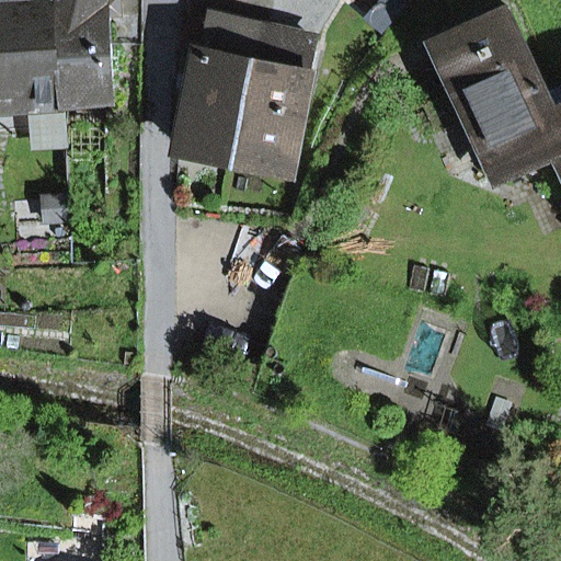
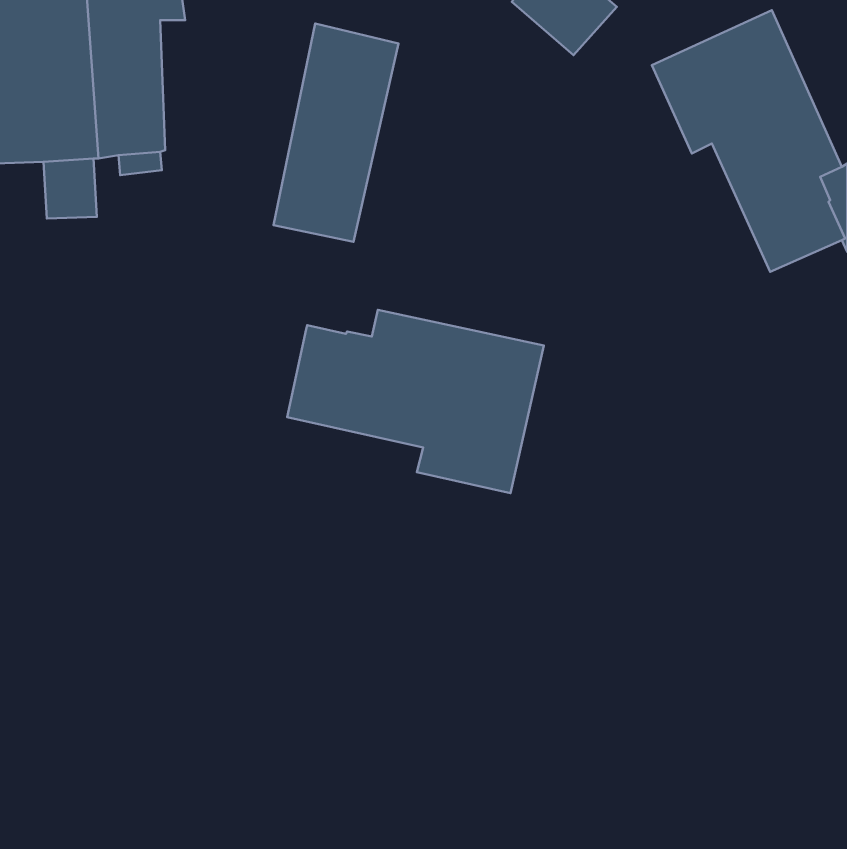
building: [232,26,314,170] -> none
building: none -> [287,310,544,493]

